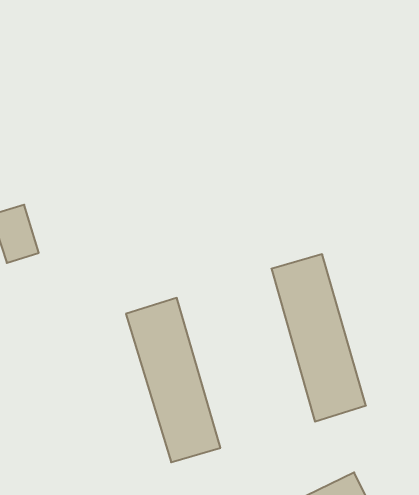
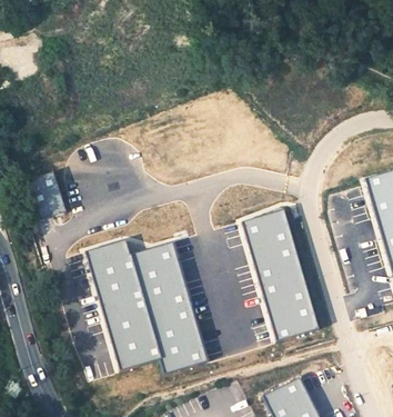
building: none -> [88,239,163,370]

